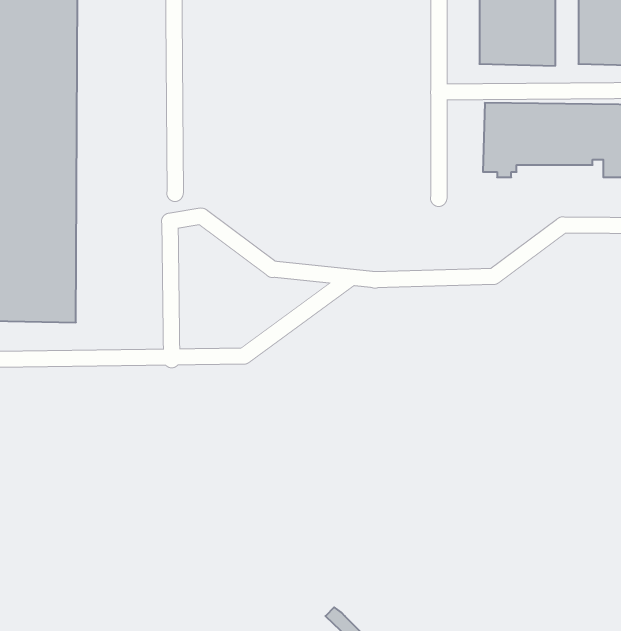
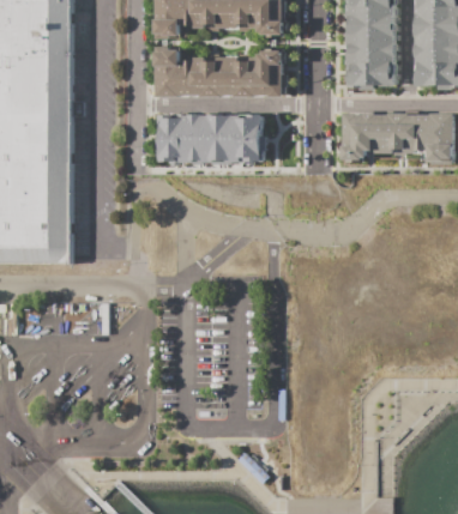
building: none -> [158,48,287,96]
building: none -> [161,114,266,163]

